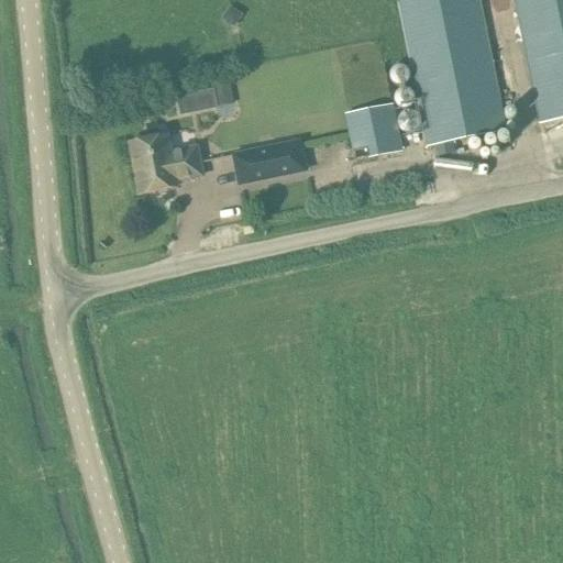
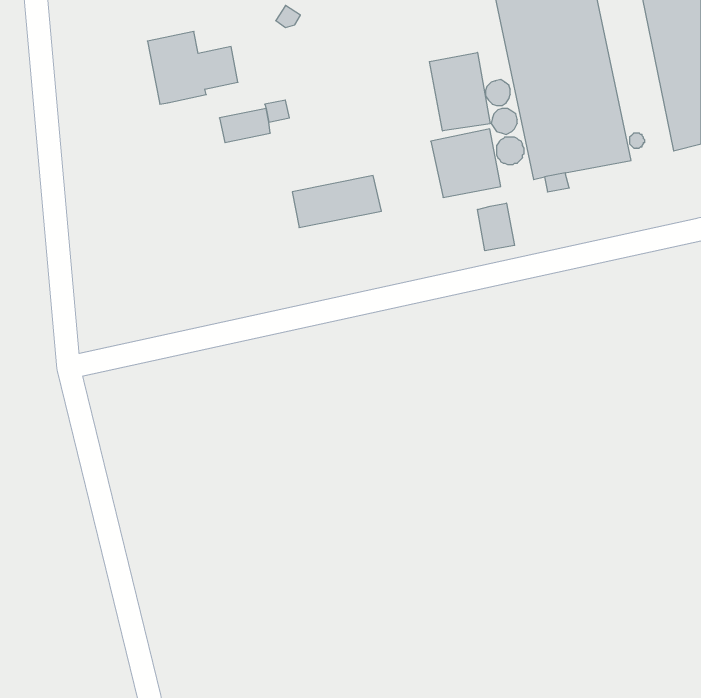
building: none -> [429,52,490,131]
building: [130,134,202,192] -> [147,31,238,104]
building: none -> [477,203,515,251]

